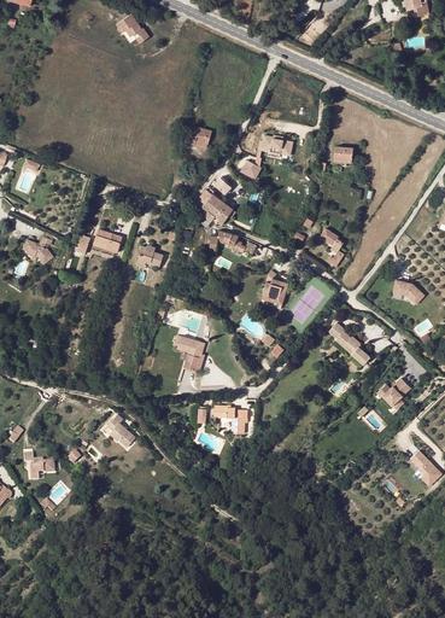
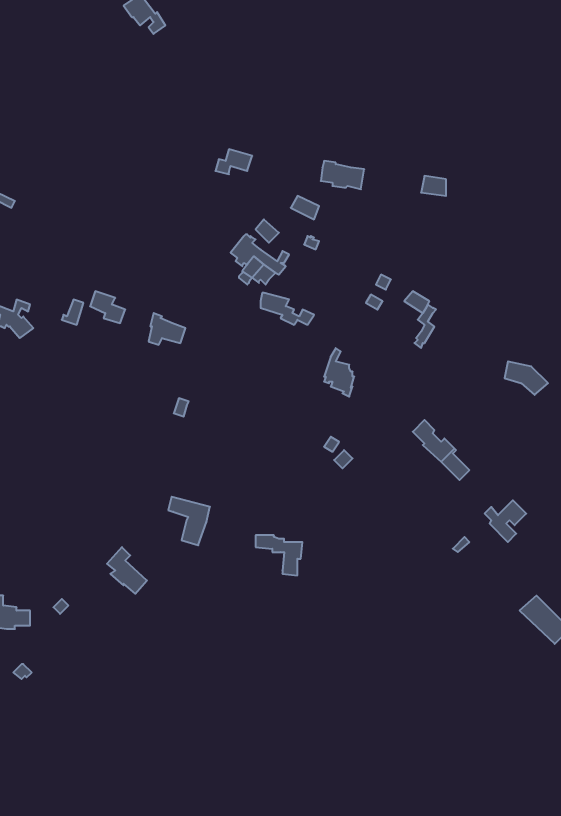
building: [175,336,205,371] -> [168,497,210,545]

